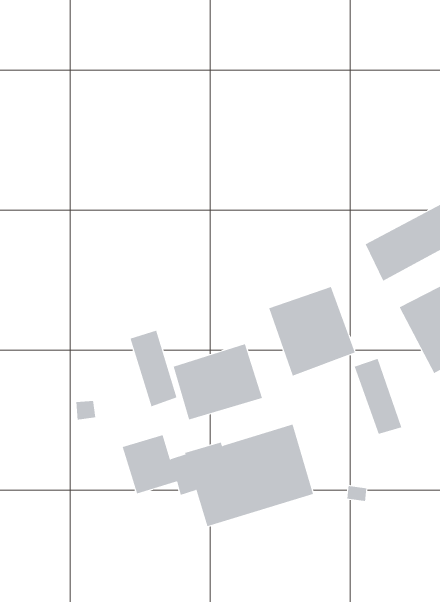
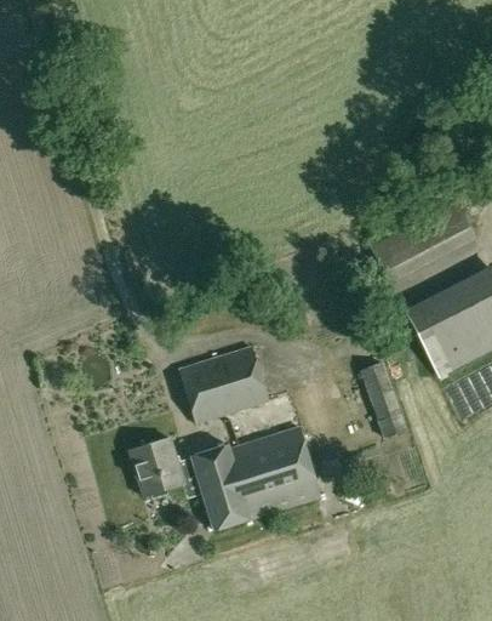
building: [268,286,355,376] -> none
building: [130,330,177,407] -> none

